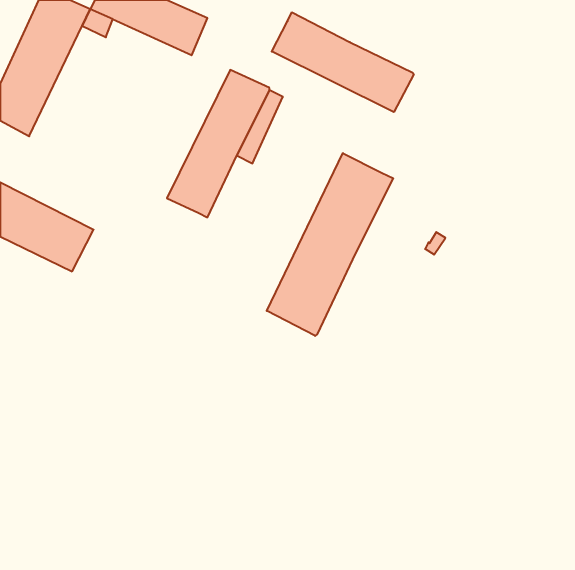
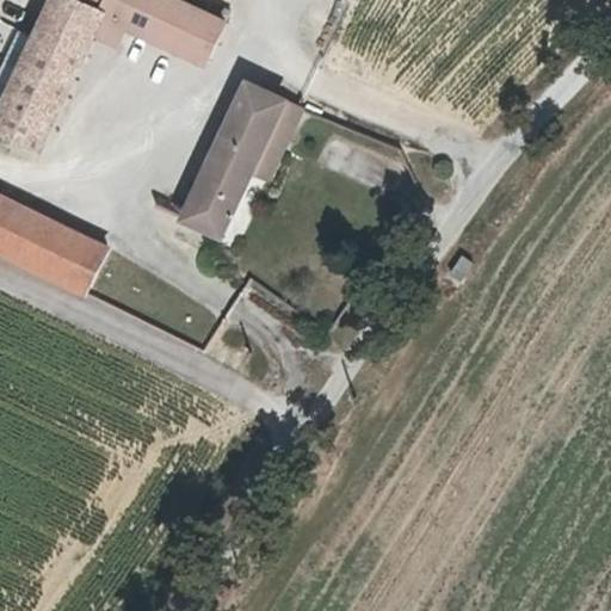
building: [272,12,414,112] -> none
building: [267,153,393,336] -> none

